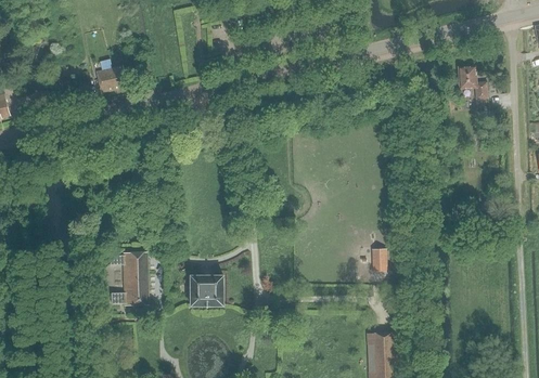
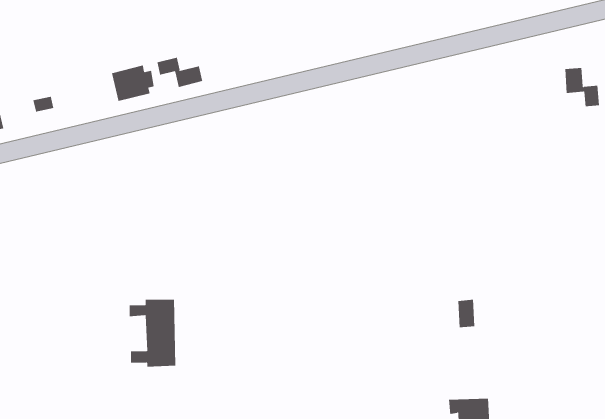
building: none -> [157,57,203,88]
building: [190,275,222,304] -> none

